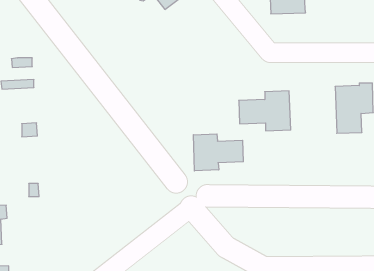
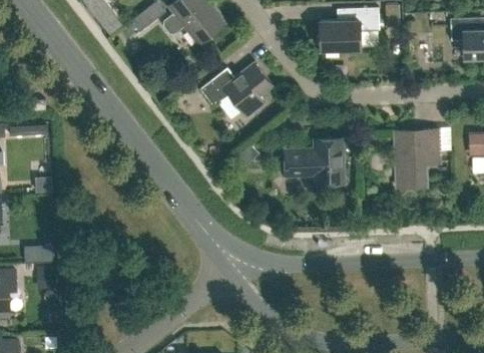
building: none -> [199,61,272,116]
building: [193,134,243,171] -> none

